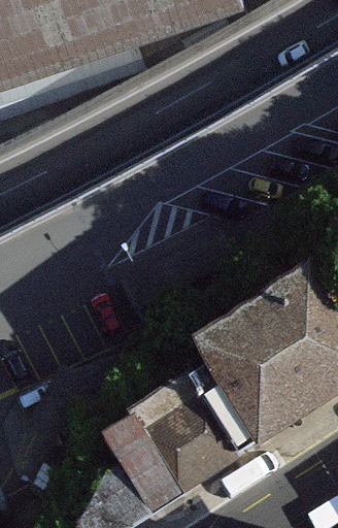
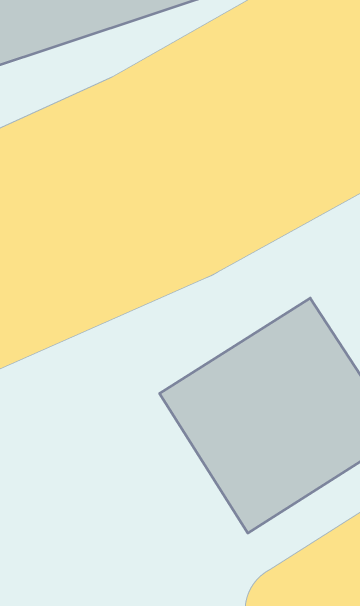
building: [94,376,241,519] -> none

